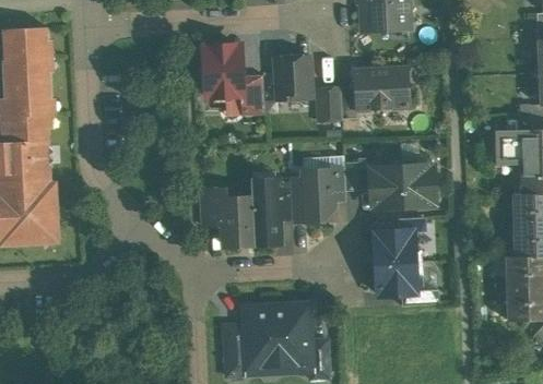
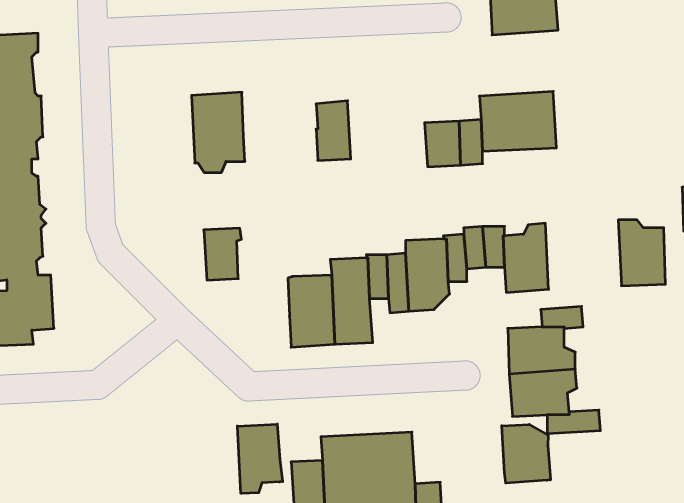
building: [204,46,241,101] -> [192,92,245,172]
building: [274,56,311,100] -> none
building: [400,159,433,205] -> [618,220,665,286]
building: [198,189,224,225] -> [204,228,241,280]
building: none -> [237,424,283,493]
building: none -> [502,424,550,483]

